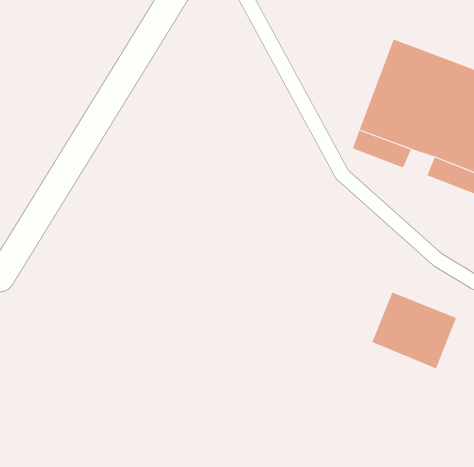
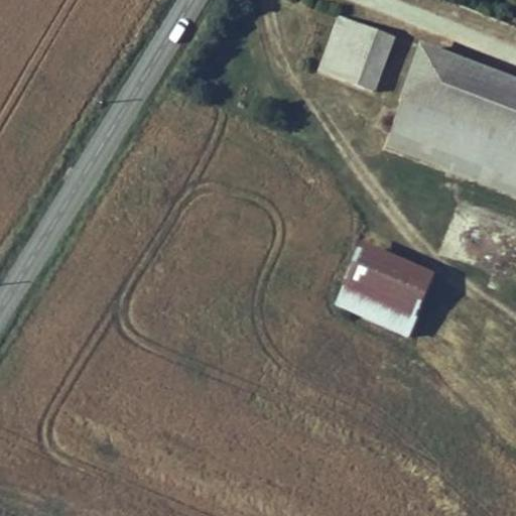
building: none -> [322,11,395,85]
building: [371,292,457,369] -> [342,246,434,330]

